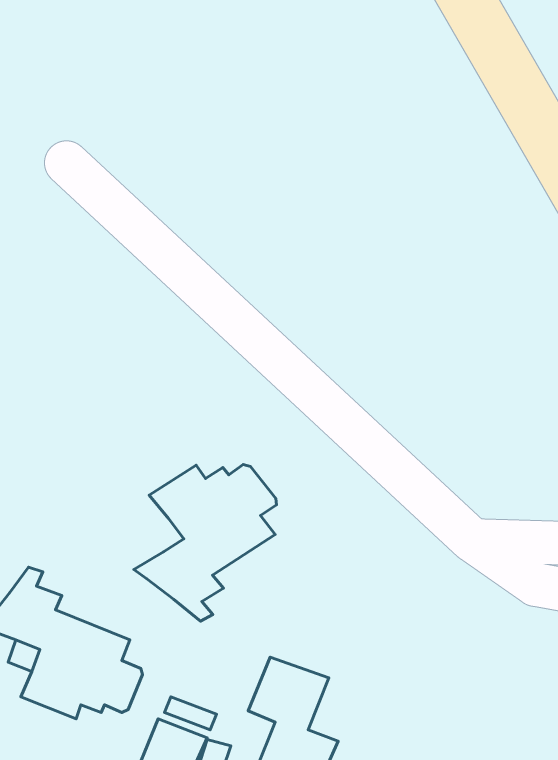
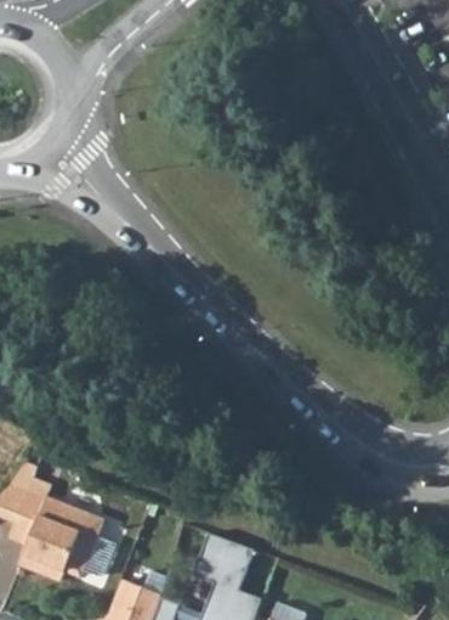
building: [134,464,277,621] -> none

